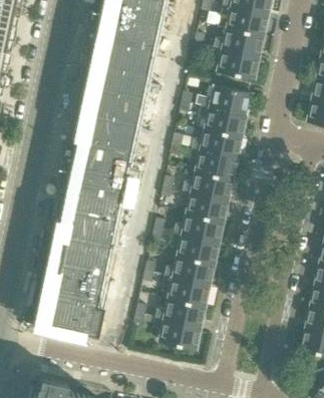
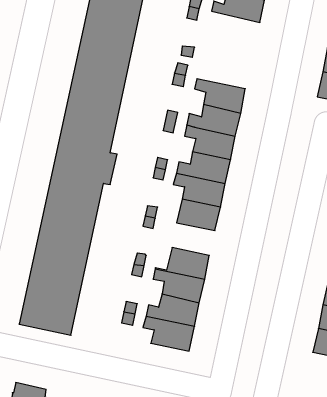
building: [212,45,258,78] -> none
building: [197,85,250,114] -> none
building: [172,232,218,263] -> none

